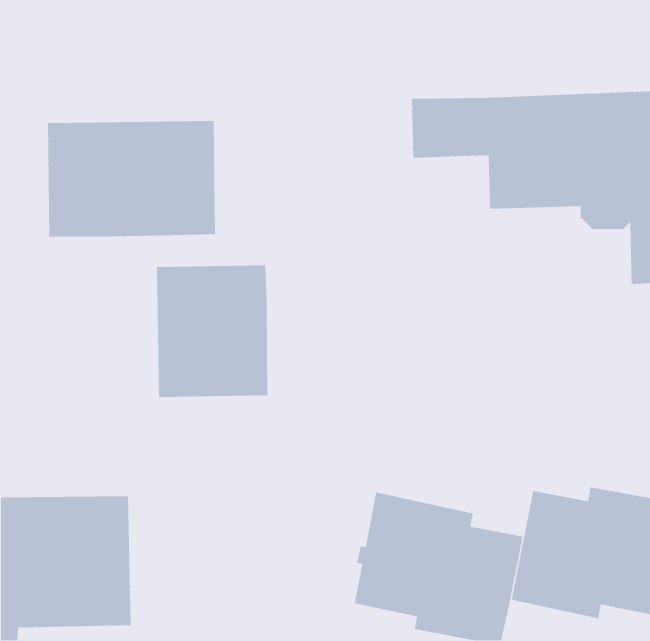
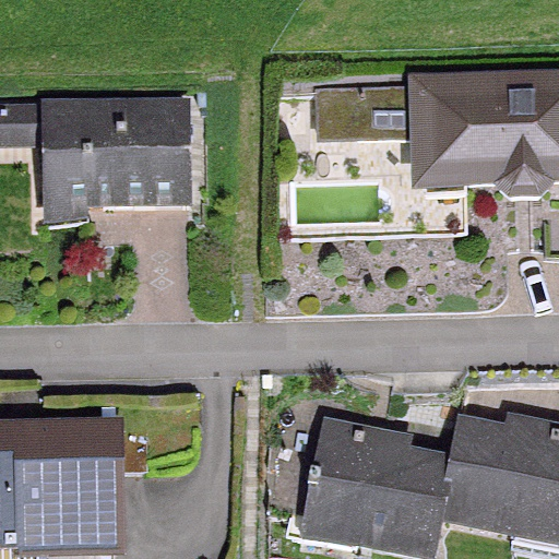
building: [156,264,268,398] -> none

